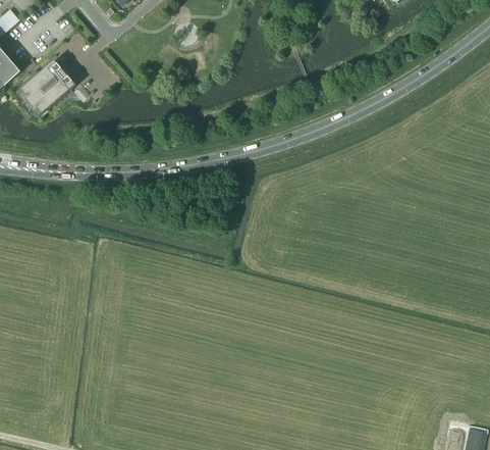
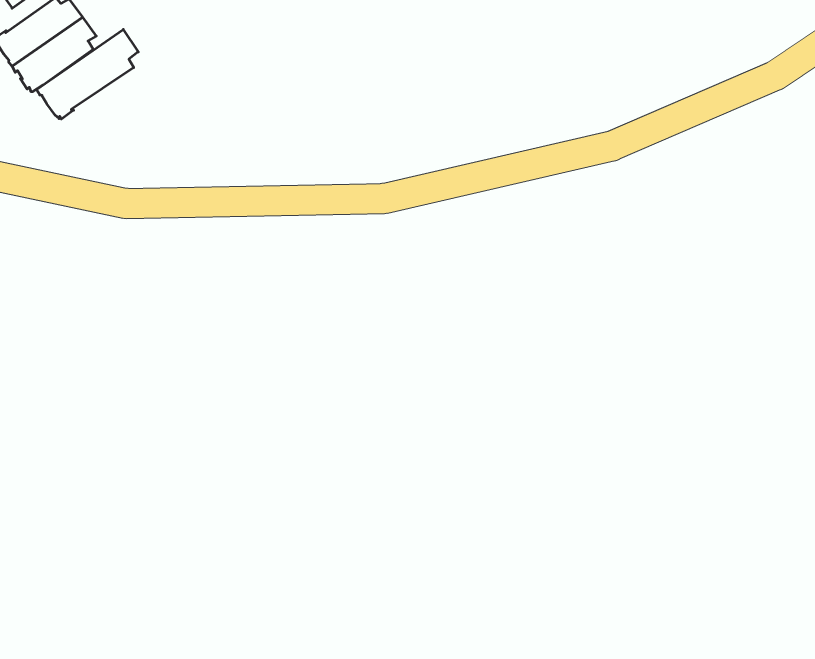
building: none -> [37,29,138,119]

